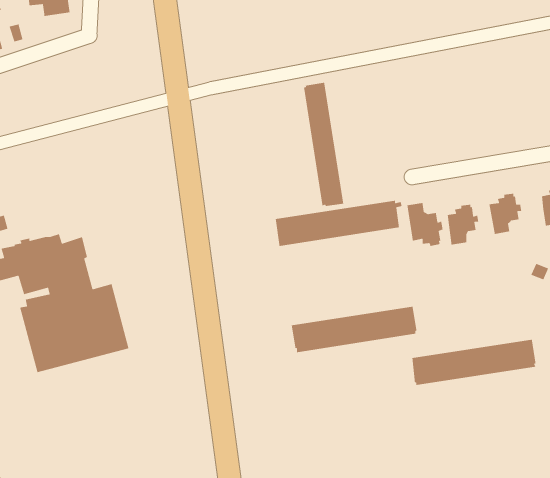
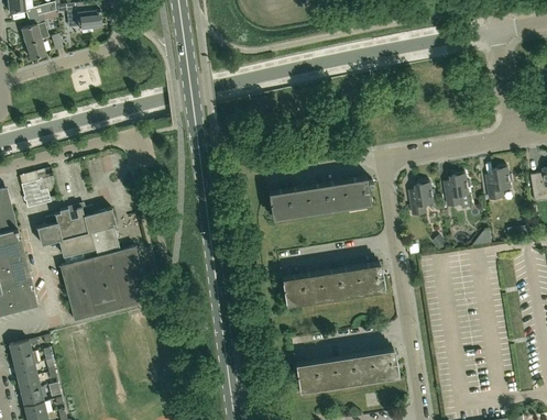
building: [303,82,344,207] -> none
building: [406,202,443,247] -> none
building: [411,339,536,386] -> [296,352,398,390]

